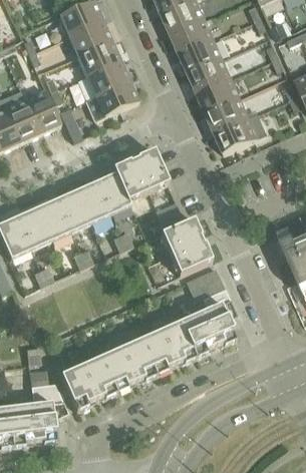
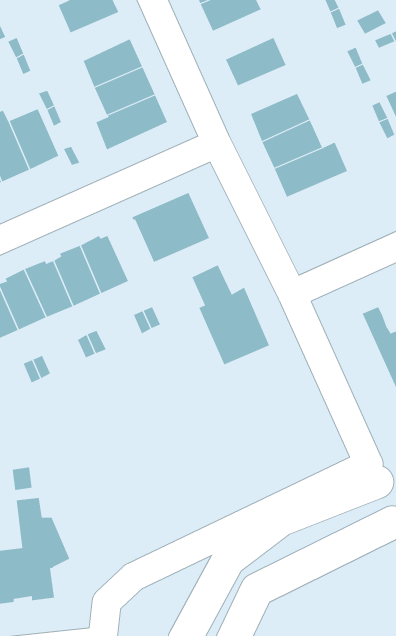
building: [171,18,215,54] -> none
building: [68,20,111,55] -> none
building: [189,58,232,93] -> none
building: [95,169,131,213] -> none
building: [54,268,237,410] -> none

